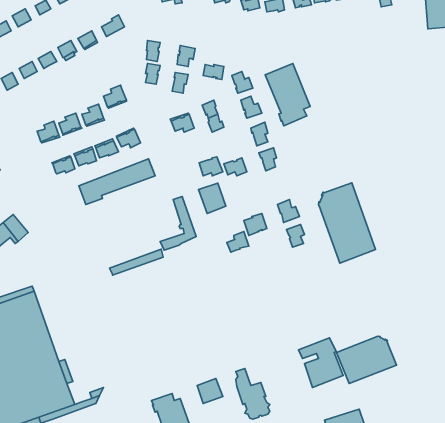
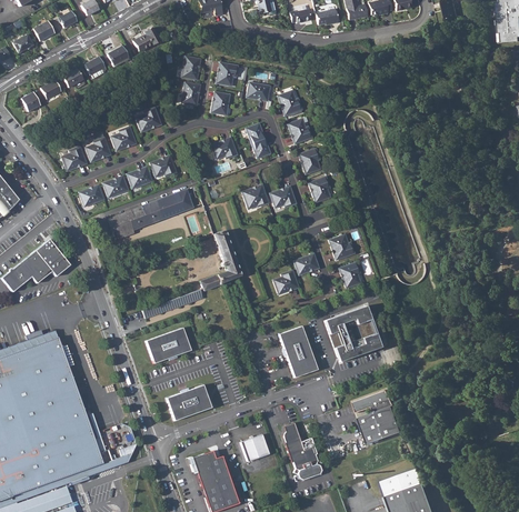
building: [265,64,310,126] -> none
building: [318,183,376,263] -> none
building: [198,183,226,213] -> none
building: none -> [34,239,70,277]
building: none -> [325,305,380,362]
building: none -> [279,327,317,378]
building: none -> [146,328,190,363]
building: none -> [166,385,211,421]
building: [337,336,396,384] -> none

